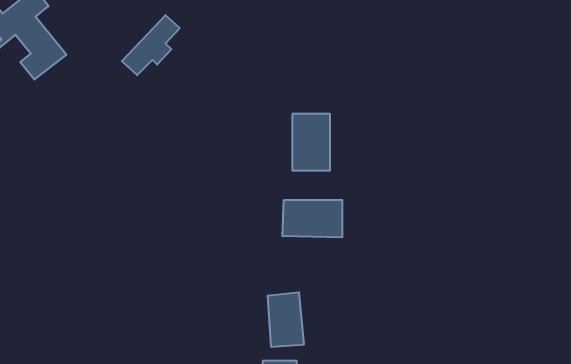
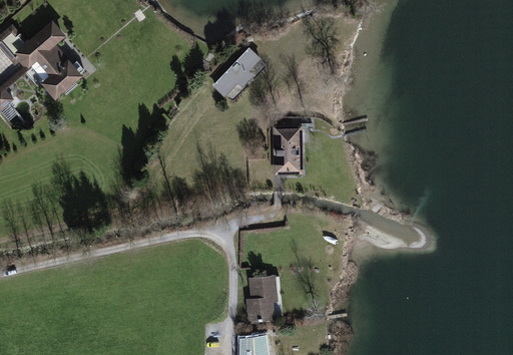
building: [122,15,180,75] -> [209,46,259,97]
building: [283,200,342,237] -> none

